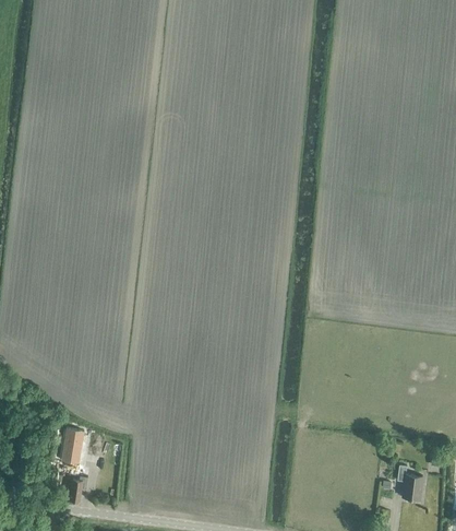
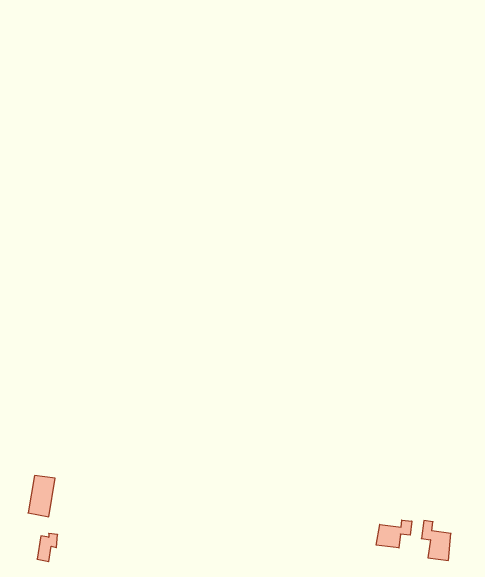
building: none -> [376,520,412,548]

